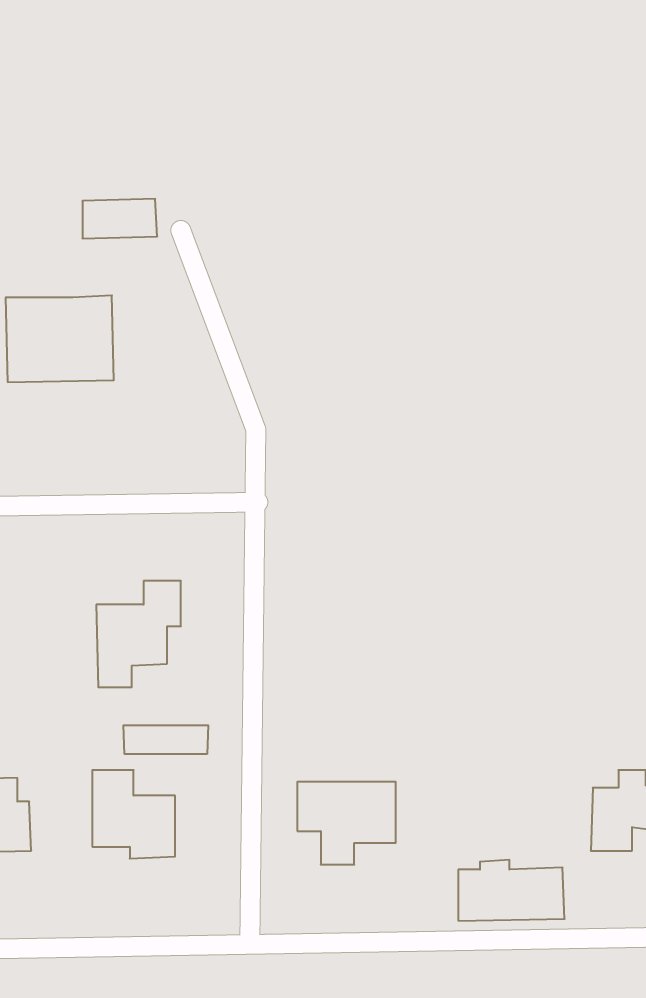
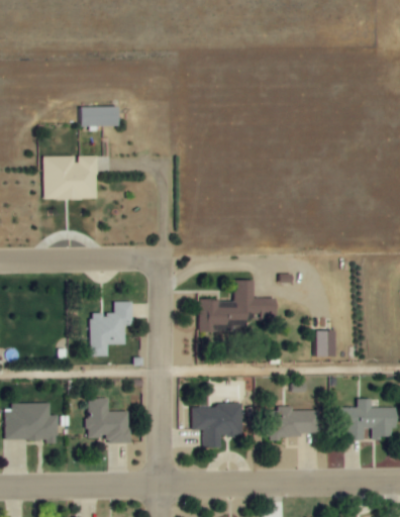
building: none -> [199,280,277,331]
building: none -> [316,330,335,355]
building: [123,725,208,754] -> none
building: [458,860,565,921] -> [266,405,320,436]

